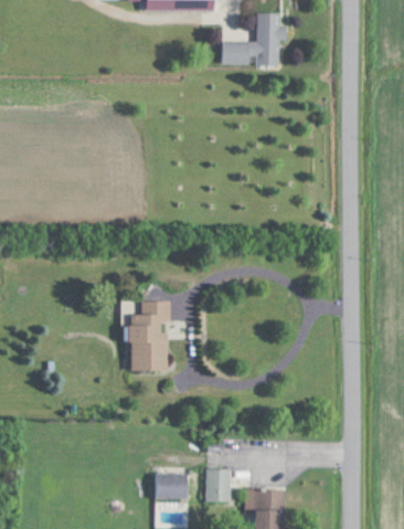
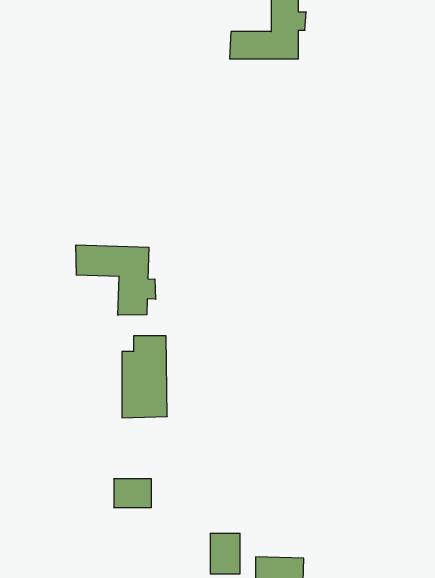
building: none -> [76,245,156,315]
building: [155,473,187,497] -> [114,479,151,508]

